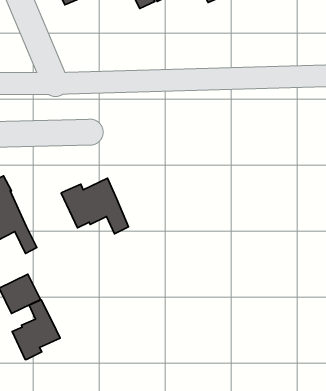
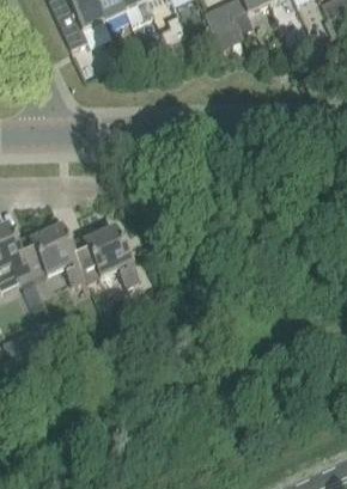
building: none -> [16,225,85,283]
building: [12,300,60,360] -> none

